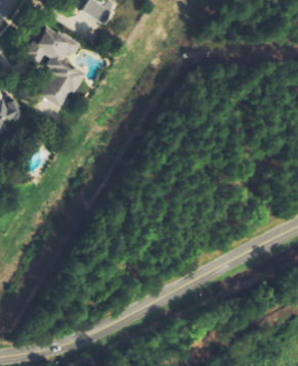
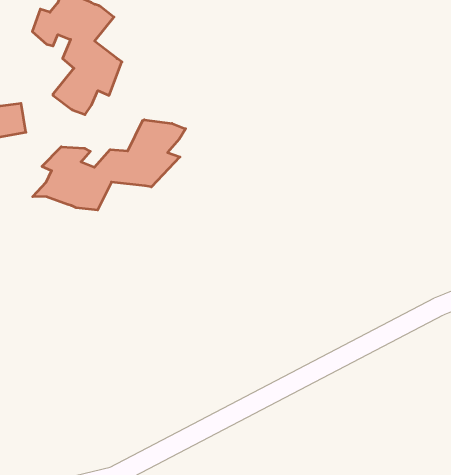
building: none -> [33,120,186,210]

